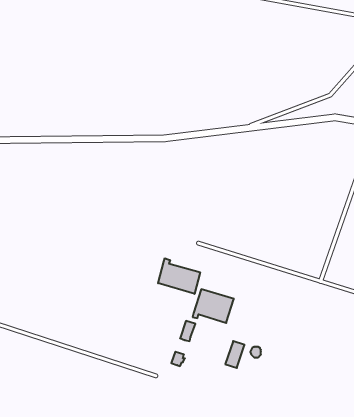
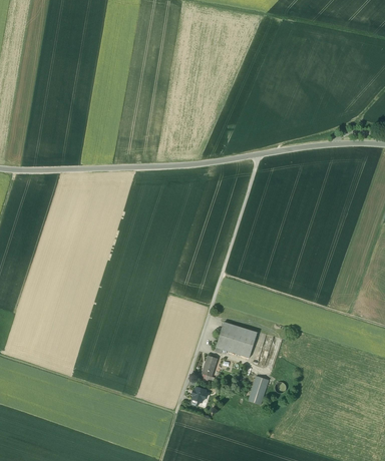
building: [158,258,200,294] -> none

